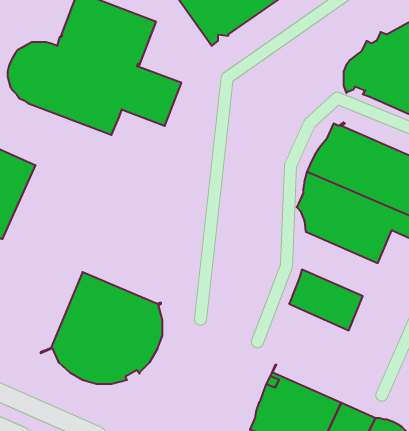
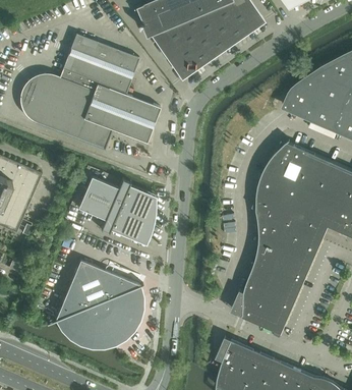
building: none -> [77,177,156,246]
building: none -> [255,227,316,279]
building: none -> [238,285,293,333]

